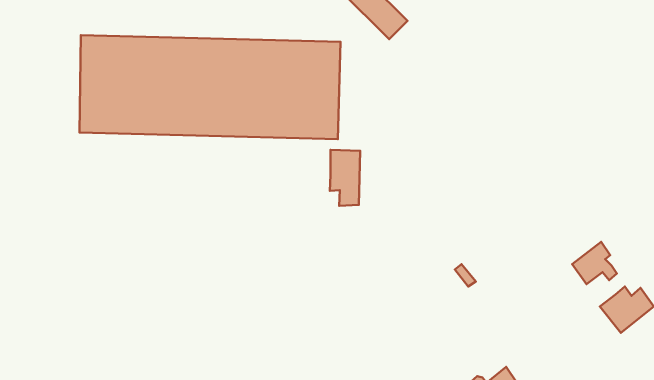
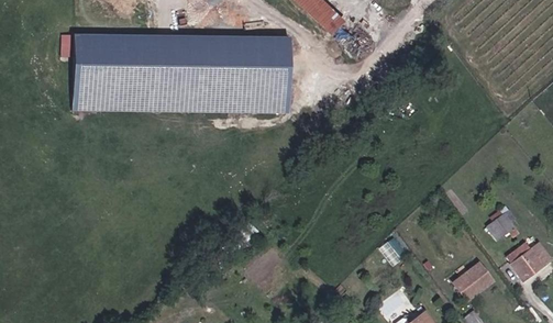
building: [330,150,360,206] -> none
building: none -> [451,259,496,301]

